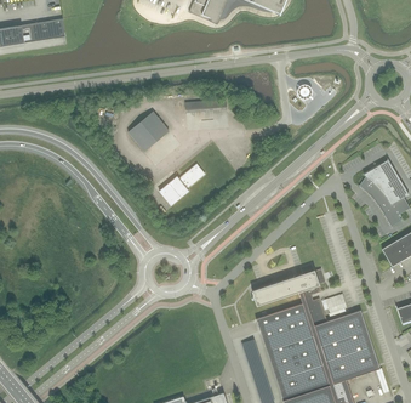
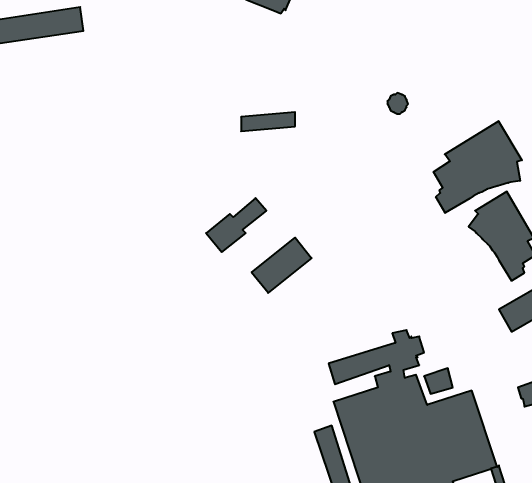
building: none -> [434,121,522,213]
building: [129,112,169,151] -> none
building: none -> [252,238,312,293]

